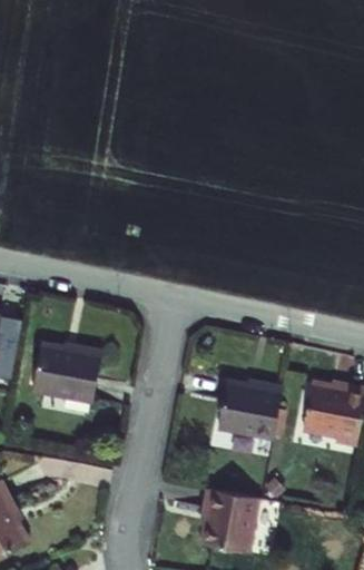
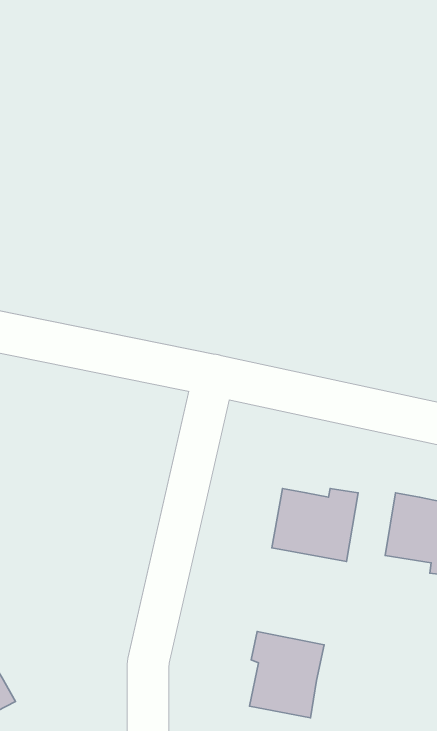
building: [33,345,100,401] -> none

